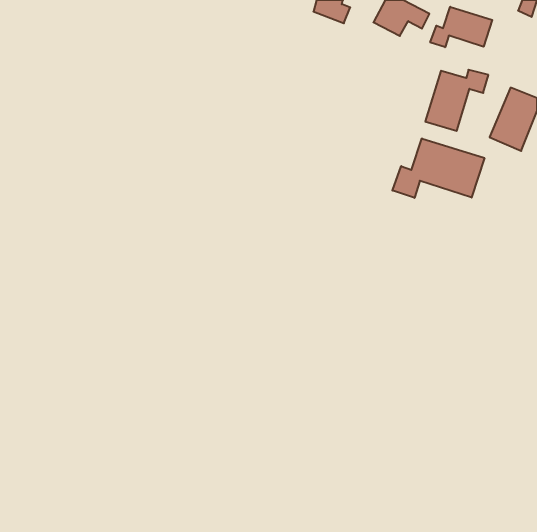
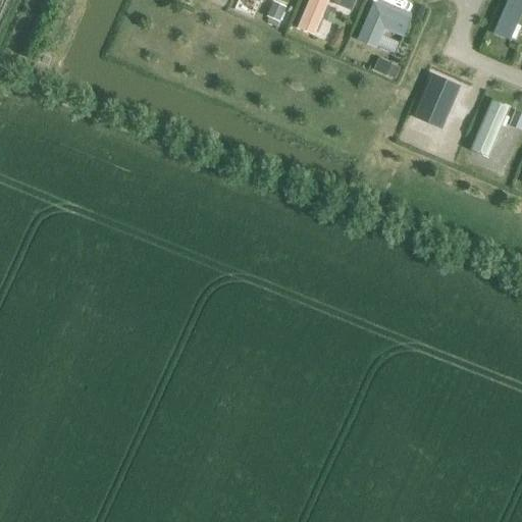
building: [430,7,492,47] -> none
building: [392,138,484,198] -> none

